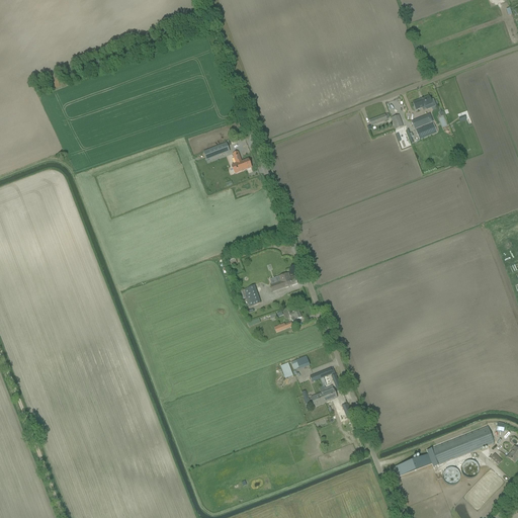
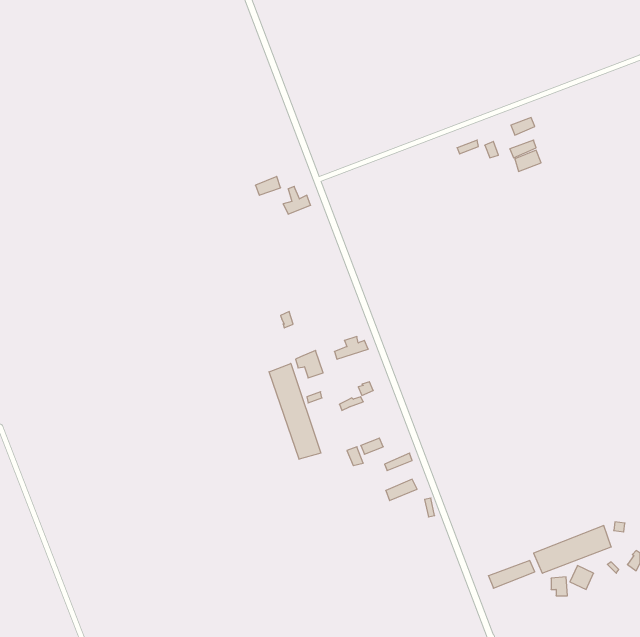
building: none -> [269,363,321,459]

